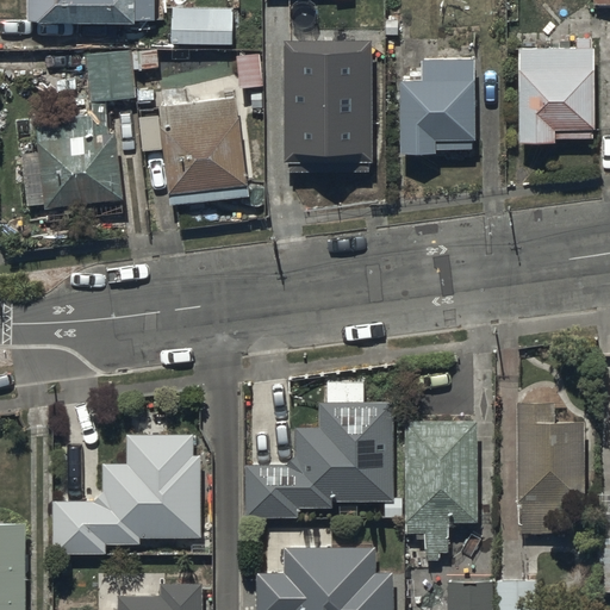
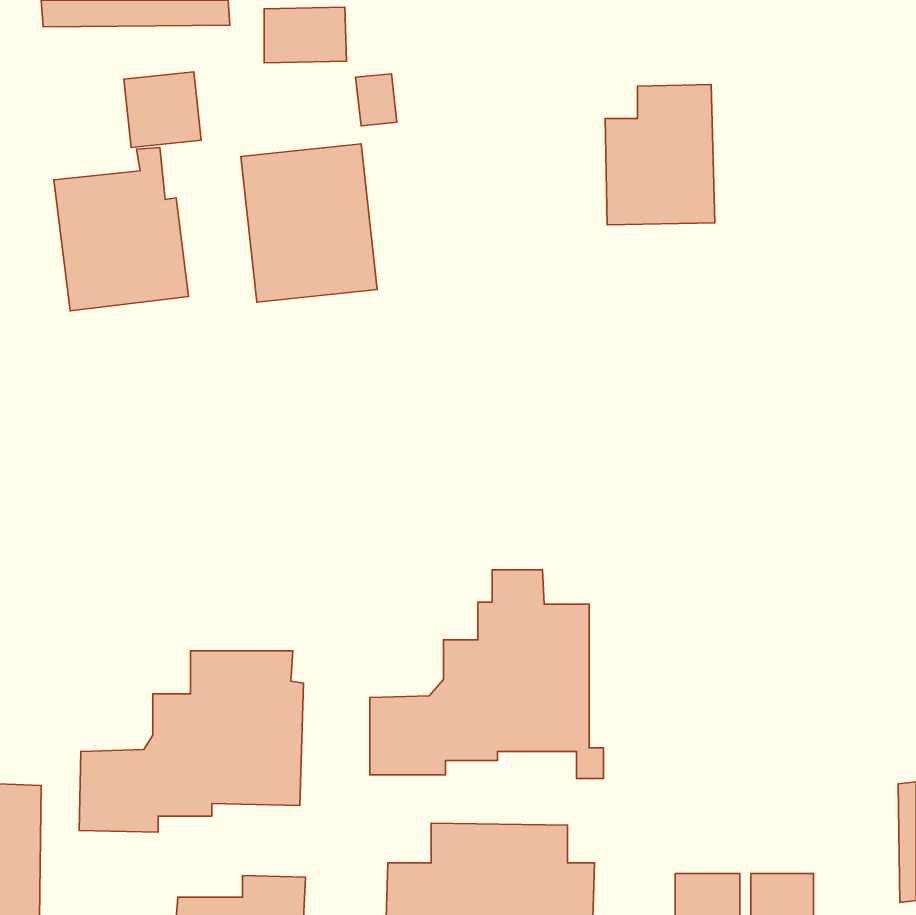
building: [519,38,592,144] -> none
building: [286,45,371,170] -> none
building: [516,402,584,533] -> none
building: [404,422,475,560] -> none

